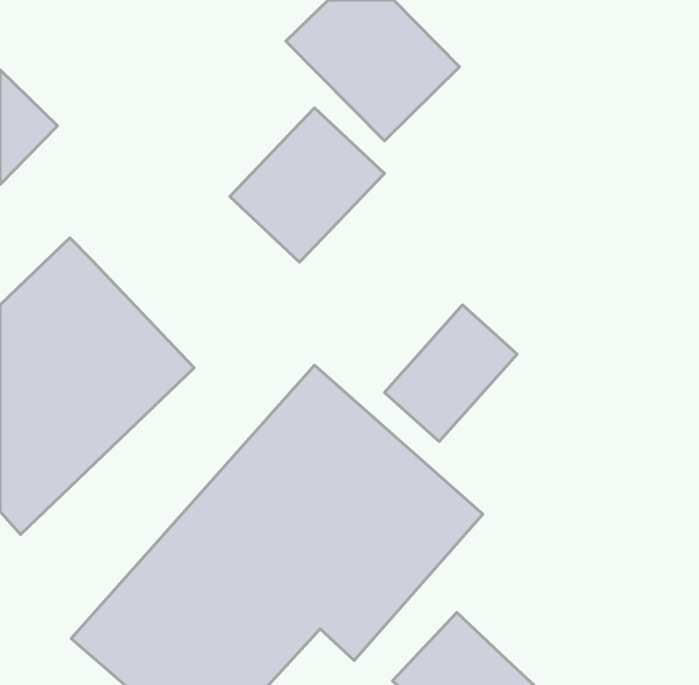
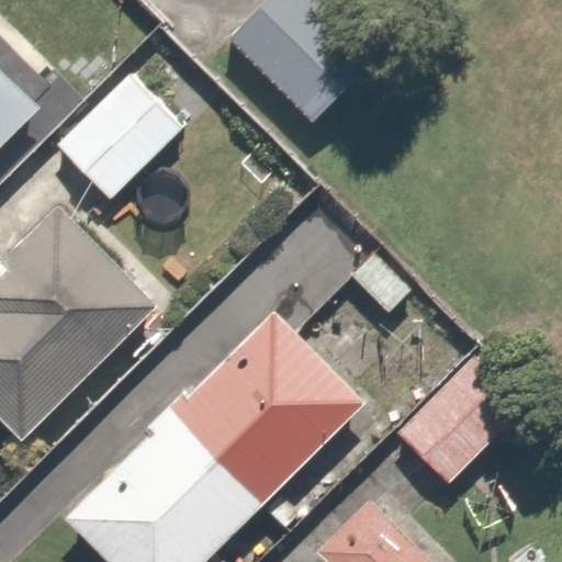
building: [230,108,384,262] -> [57,76,181,200]
building: none -> [396,357,520,481]

